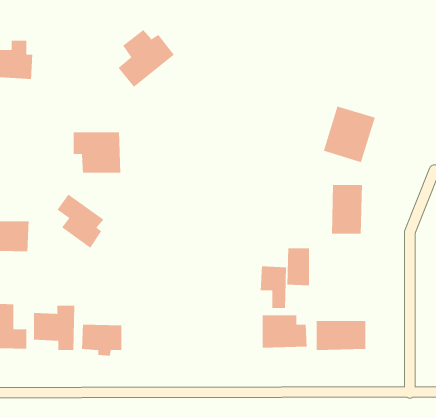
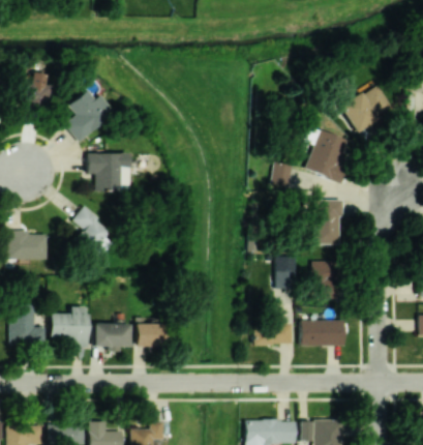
building: [117,29,175,88] -> [65,90,116,142]
building: none -> [340,83,395,132]
building: none -> [273,161,296,187]
building: [260,266,287,309] -> [313,261,337,299]
building: none -> [137,322,167,346]

